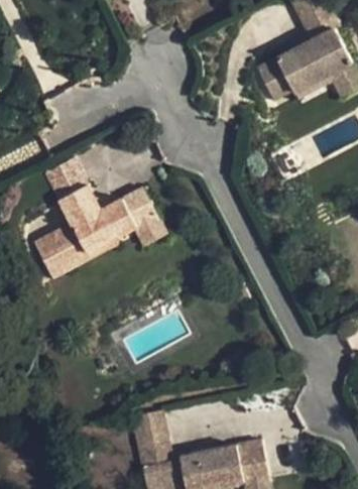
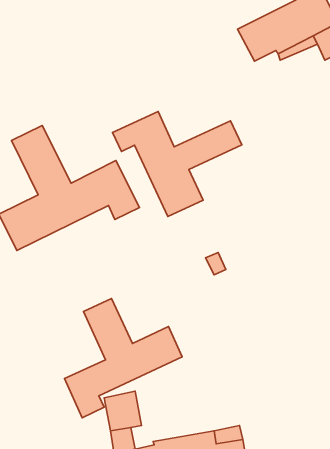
building: none -> [112,111,242,217]
building: none -> [64,298,182,418]

